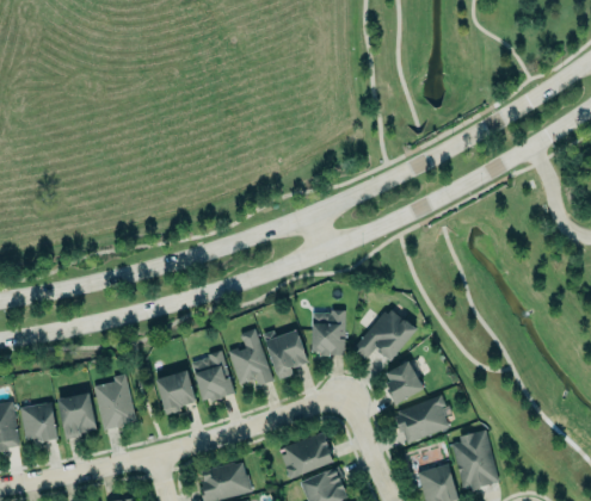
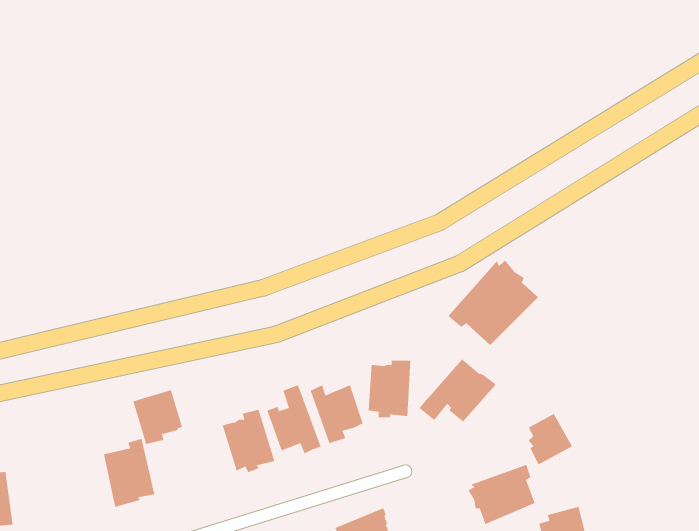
building: none -> [448,260,539,346]
building: [387,360,424,403] -> [528,413,573,465]
building: [155,369,197,414] -> [132,390,183,445]
building: [57,391,97,439] -> none
building: [19,402,57,444] -> none

